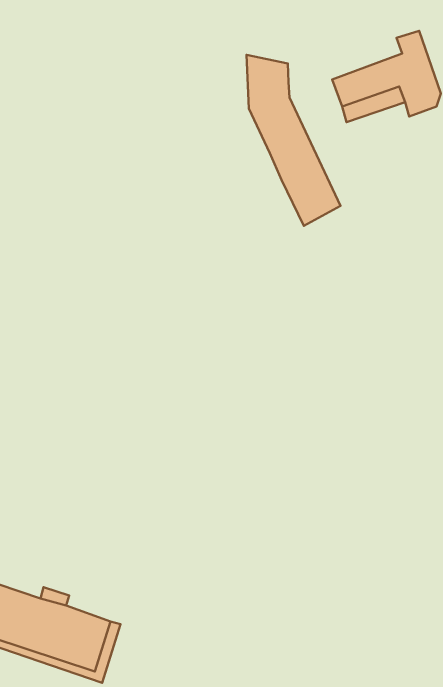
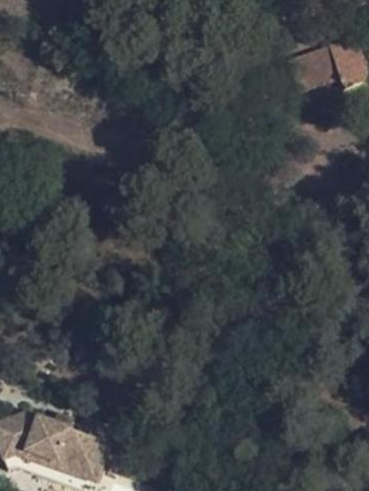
building: [247,55,340,226] -> none

